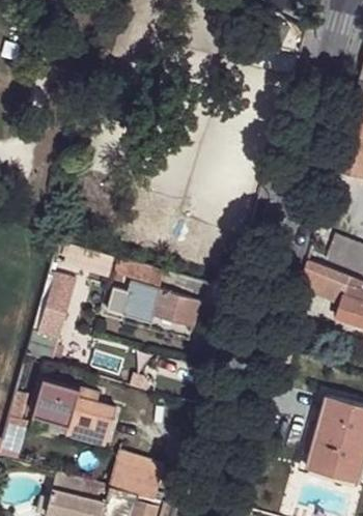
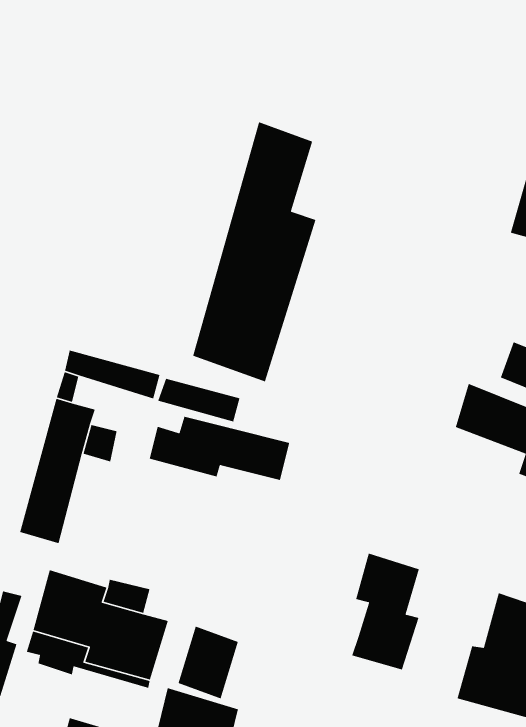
building: none -> [192,121,317,383]
building: none -> [351,552,420,670]
building: none -> [178,625,239,700]

